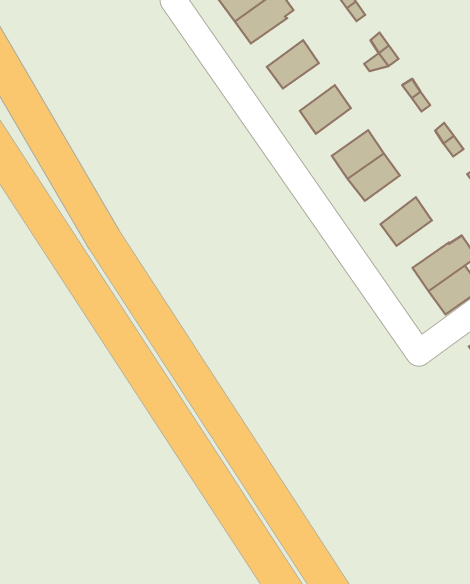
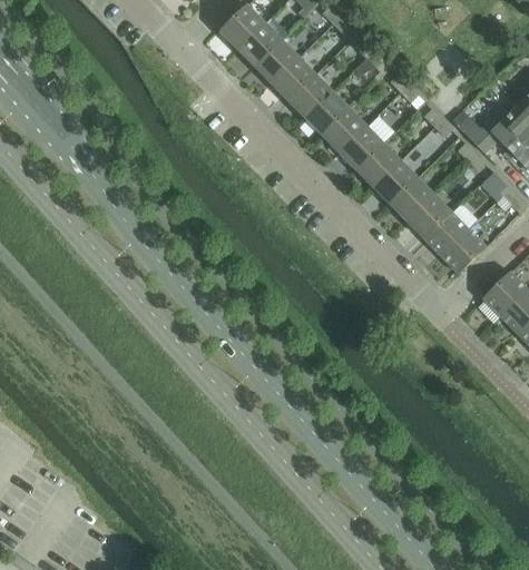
building: none -> [255,40,300,85]
building: none -> [288,75,333,118]
building: none -> [323,109,368,153]
building: none -> [374,160,418,205]
building: none -> [408,195,452,238]

